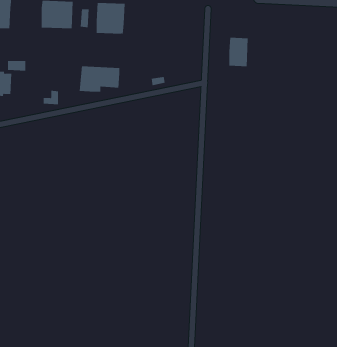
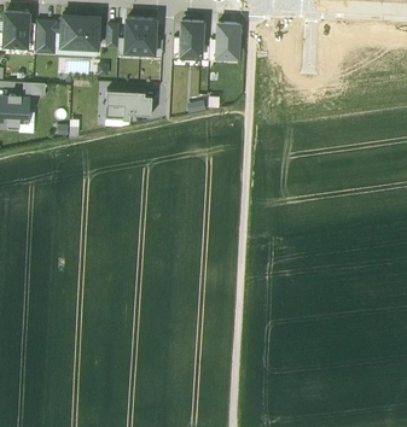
building: none -> [35,21,62,53]
building: none -> [180,21,204,60]
building: [229,37,249,67] -> [216,23,239,57]

